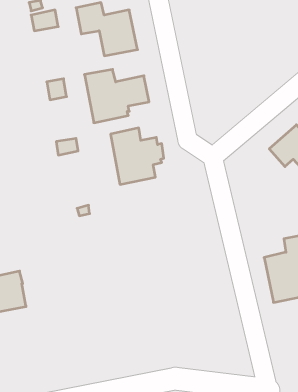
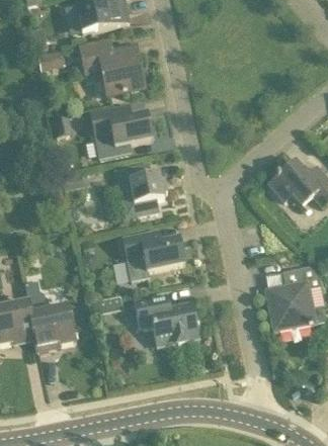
building: none -> [121,231,184,274]
building: none -> [24,280,73,351]
building: none -> [133,293,198,346]

